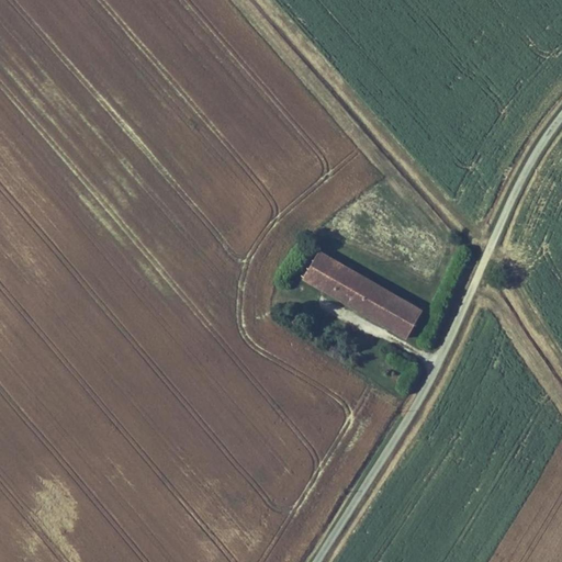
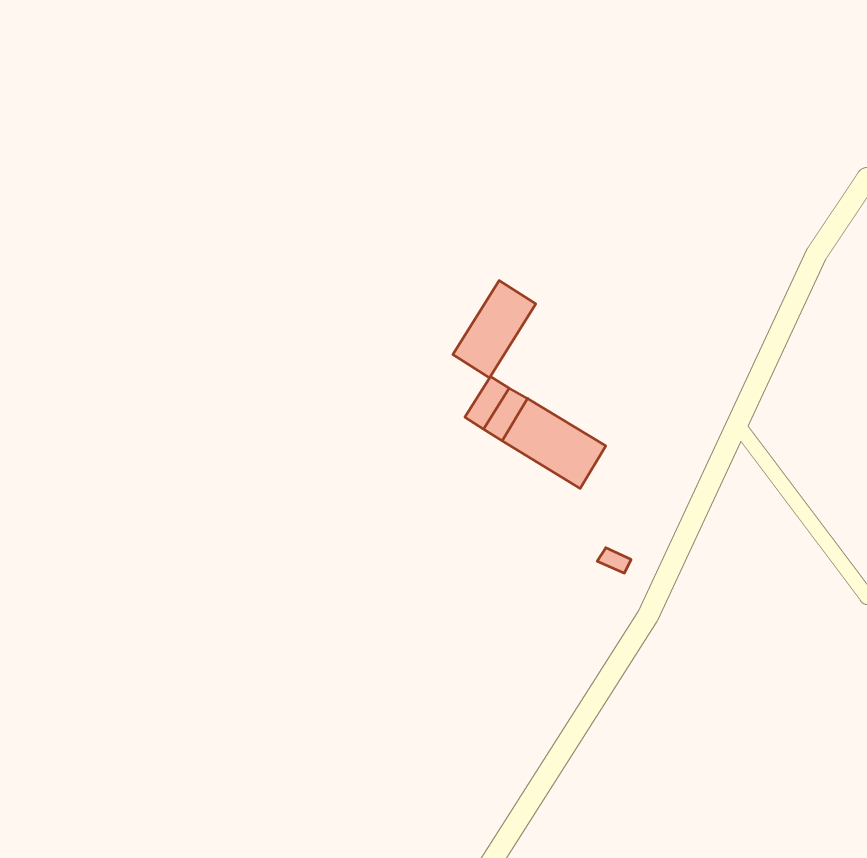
building: none -> [453,281,536,378]
building: [375,294,423,340] -> none

